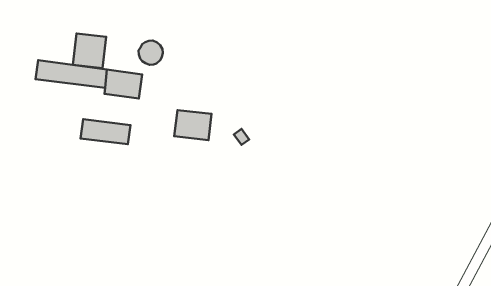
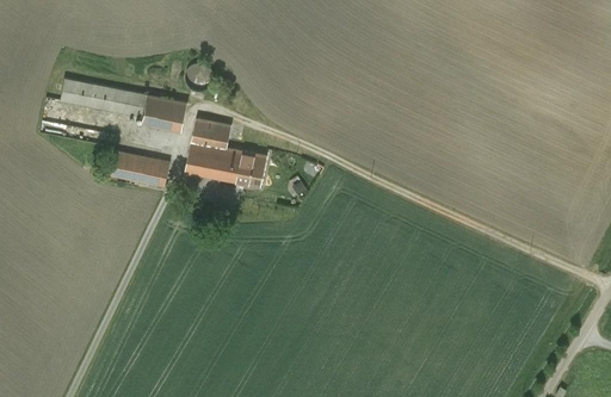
building: [73,33,106,68] -> none
building: none -> [184,118,230,179]

